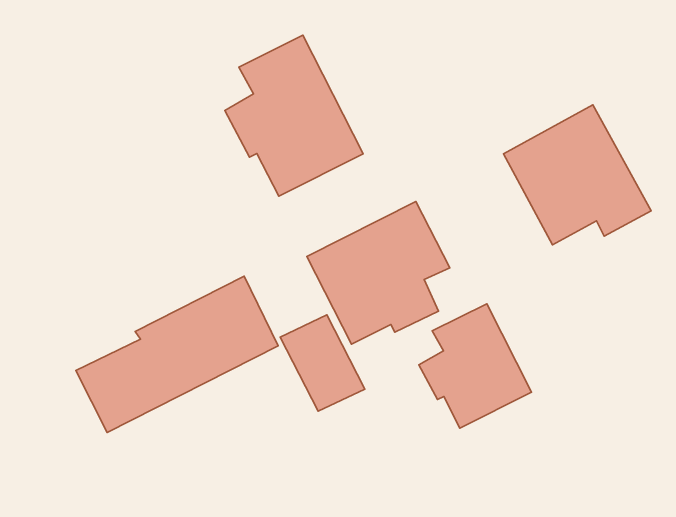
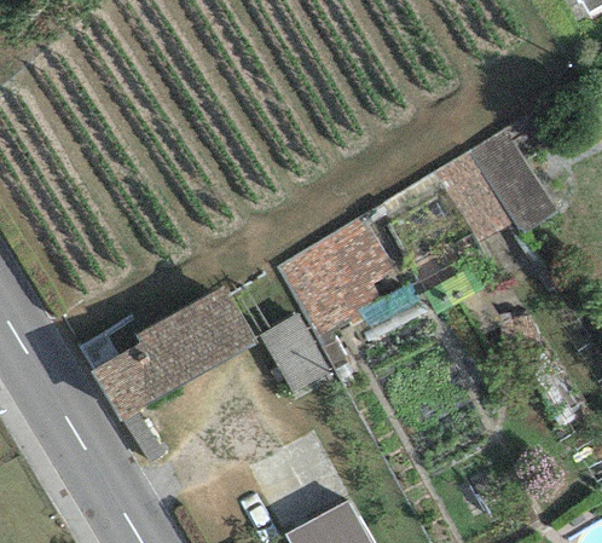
building: [225,35,363,196] -> none
building: [419,304,532,428] -> none

